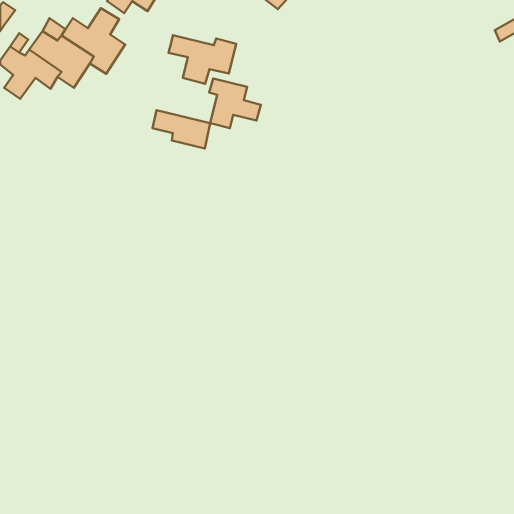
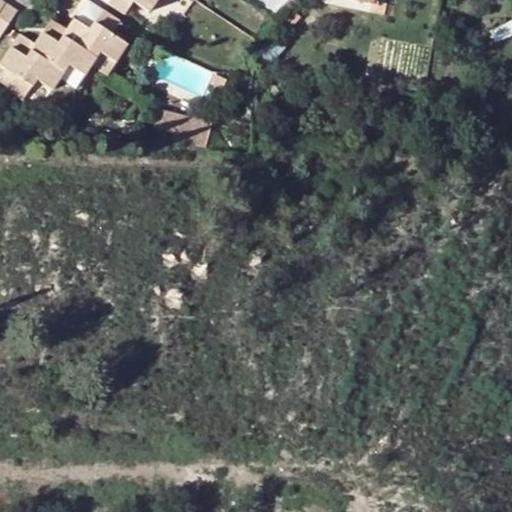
building: [169,35,236,84] -> none
building: [209,78,261,128] -> none

